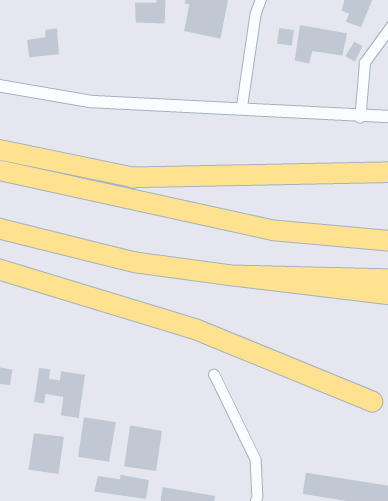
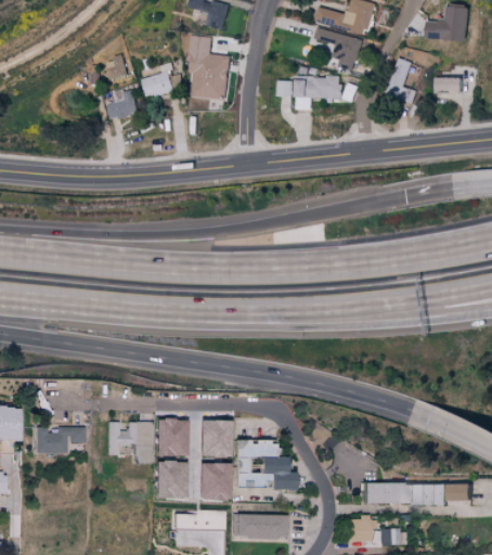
building: [26,28,60,58] -> [108,89,141,120]
building: none -> [154,421,186,459]
building: none -> [198,422,230,457]
building: none -> [234,442,294,491]
building: [28,433,65,475] -> none

